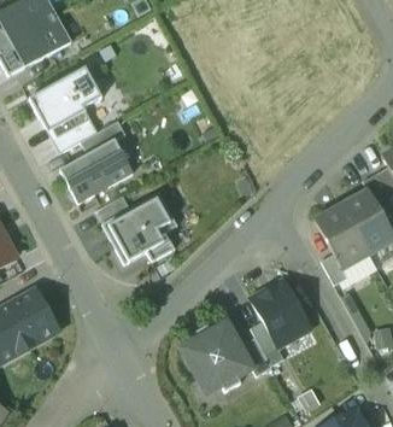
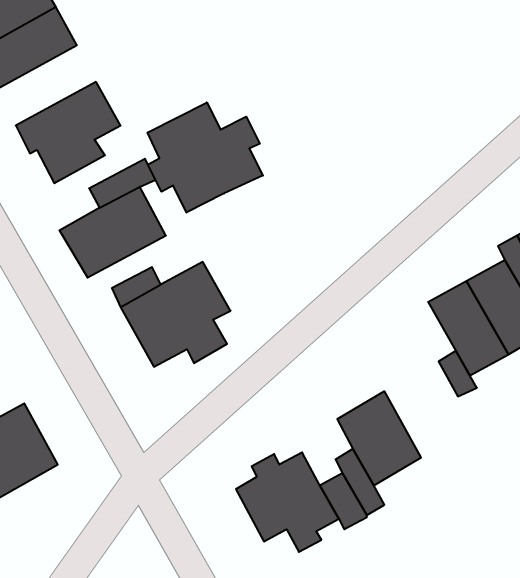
building: none -> [148,102,263,213]

